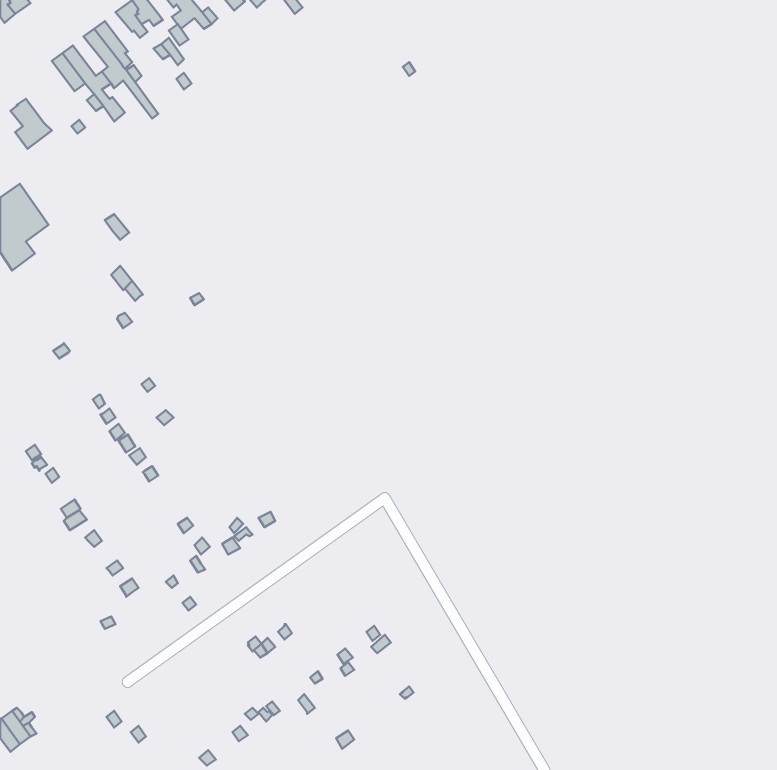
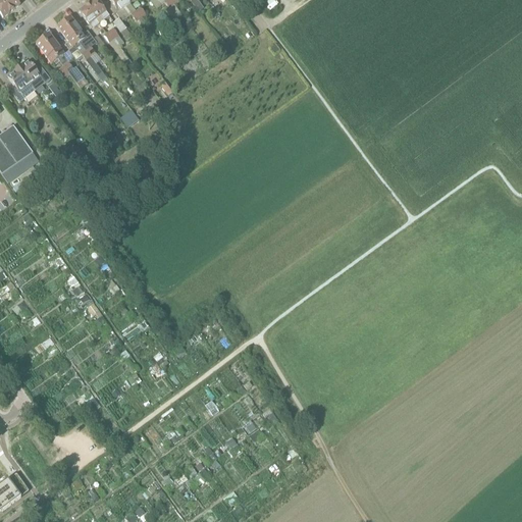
building: none -> [17,58,50,84]

